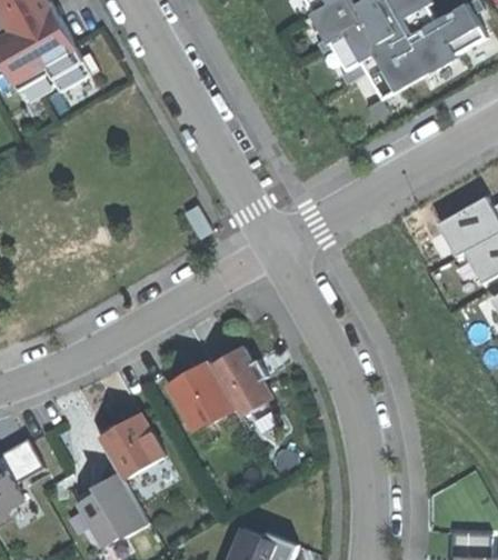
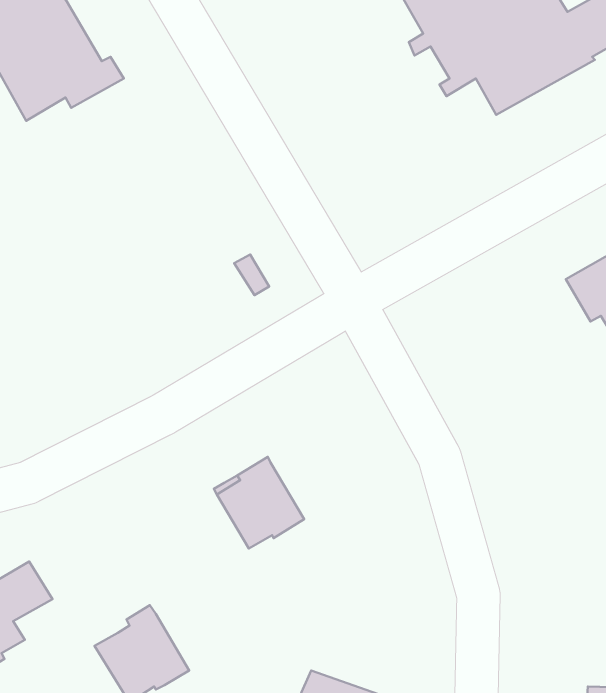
building: [210,346,271,416] -> none
building: [98,414,162,480] -> none

